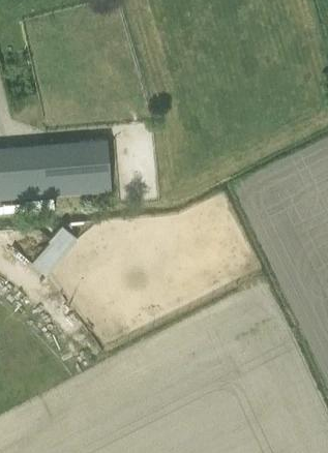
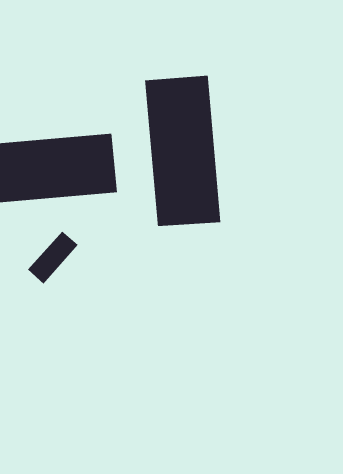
building: none -> [144,75,221,227]

